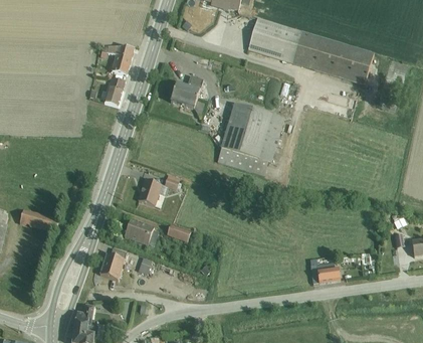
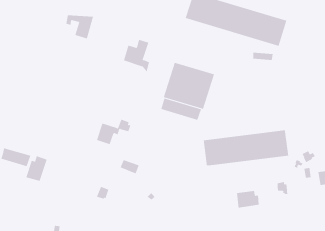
building: [103,72,125,105] -> none
building: none -> [203,130,289,166]
building: [125,220,158,245] -> none
building: [99,246,127,279] -> [26,155,48,181]

